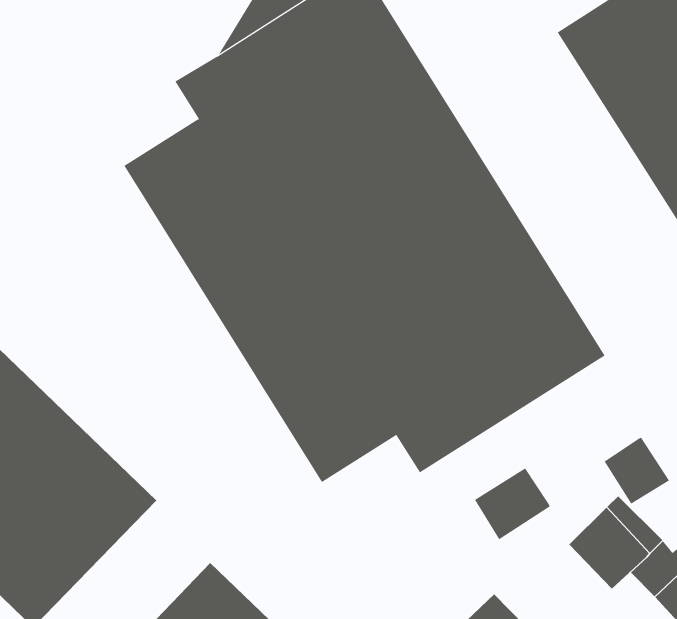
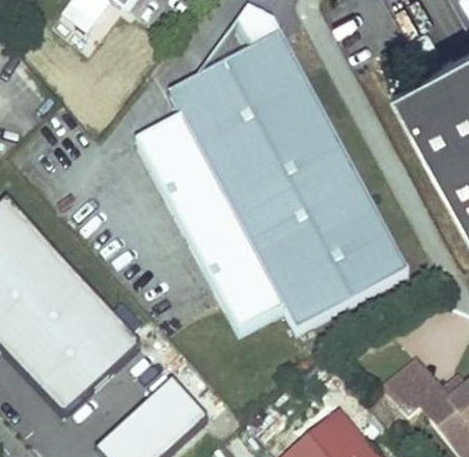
building: [604,437,670,505] -> none
building: [474,468,550,540] -> none

